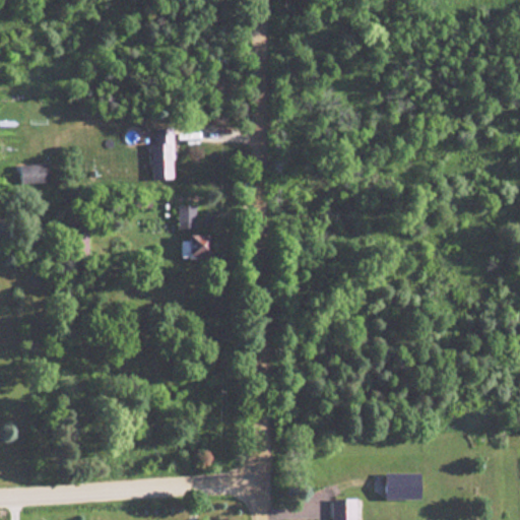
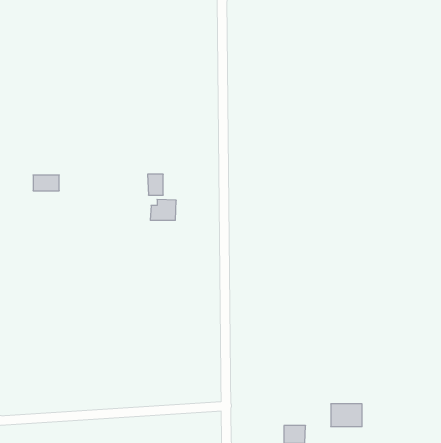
building: [153,129,176,180] -> none
building: [22,165,53,183] -> [33,175,59,191]

